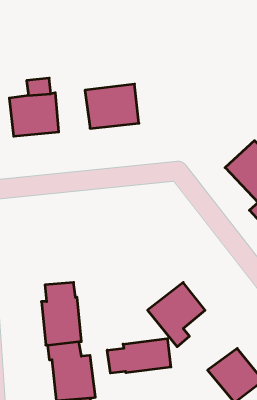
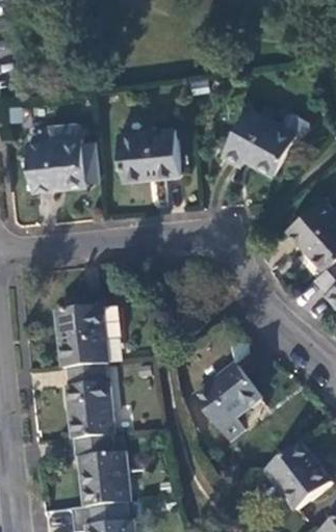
building: none -> [219,106,309,171]
building: none -> [56,302,120,368]
building: [107,339,171,373] -> none

